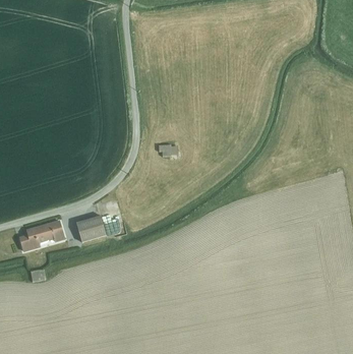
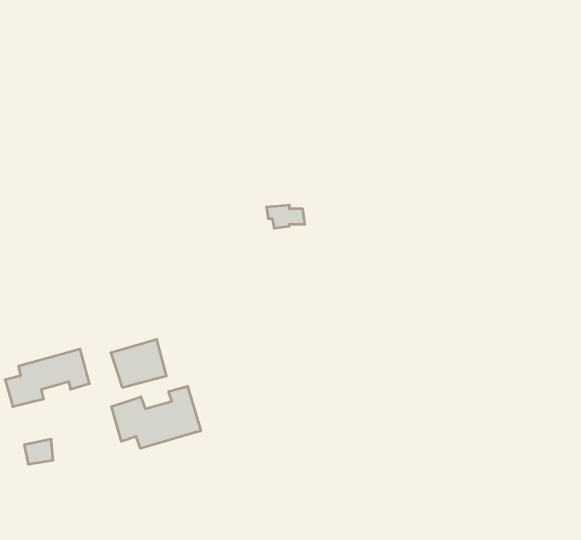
building: none -> [111,386,201,448]

